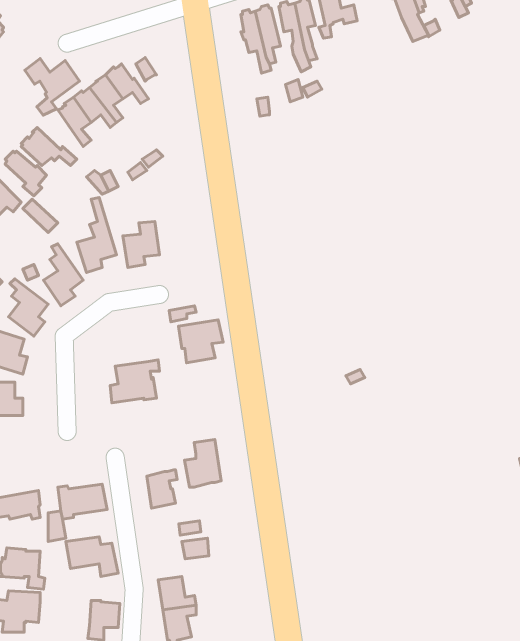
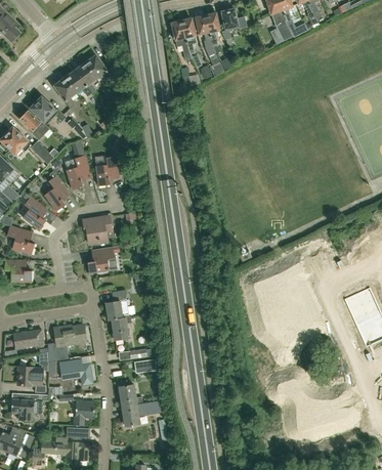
building: [25,58,80,115] -> none
building: [179,320,223,363] -> [84,215,113,243]
building: [185,439,221,487] -> [105,289,129,319]

